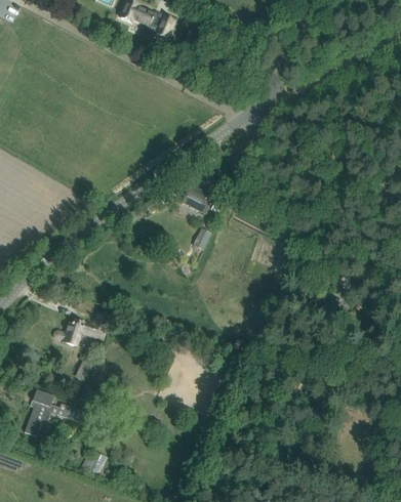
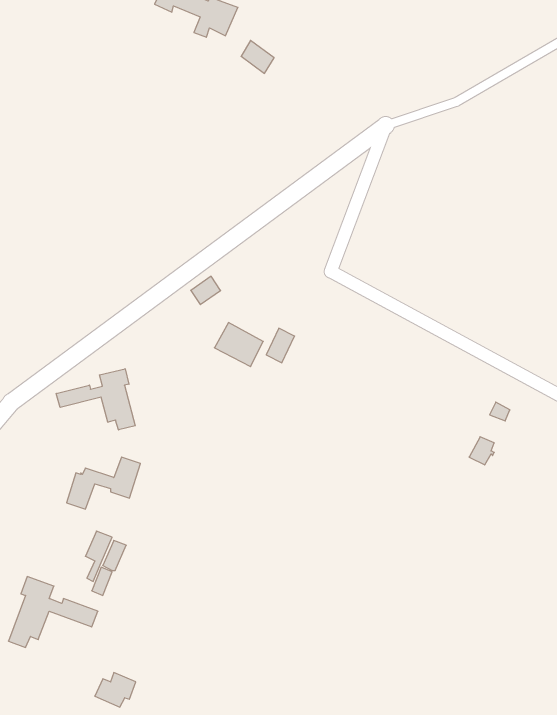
building: [182,184,213,213] -> [214,323,263,367]
building: none -> [56,369,135,430]

